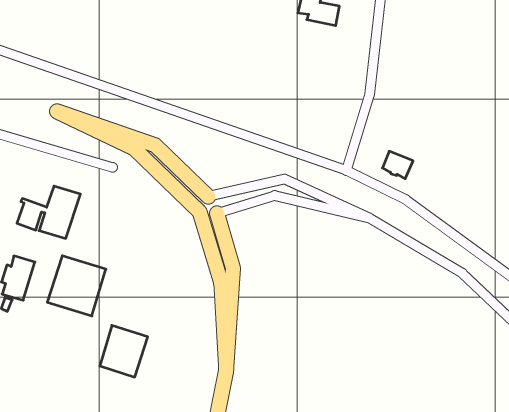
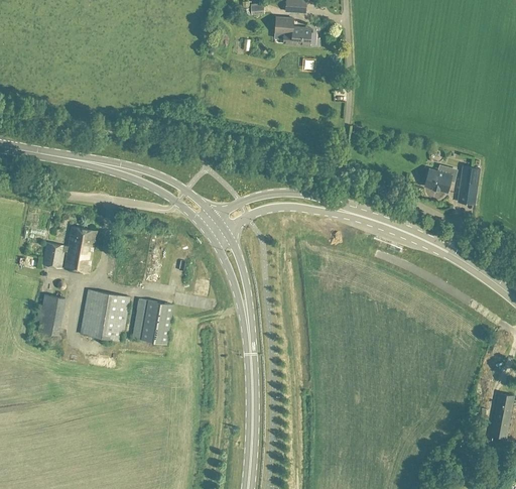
building: [382,151,413,179] -> [424,168,452,192]
building: none -> [458,165,479,204]
building: [100,325,148,377] -> [132,298,172,343]

